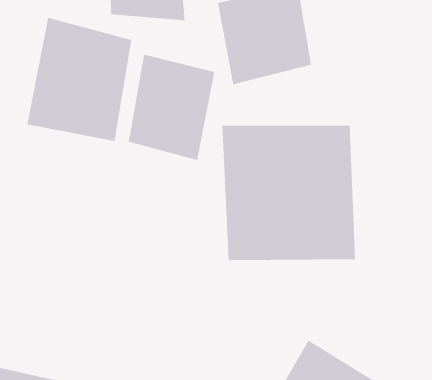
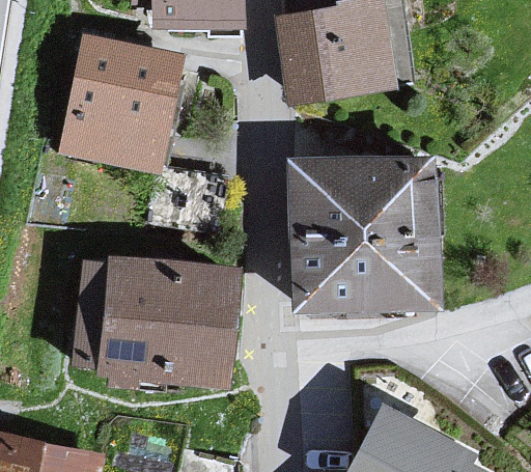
building: [128,54,215,161] -> none
building: none -> [91,256,240,394]

